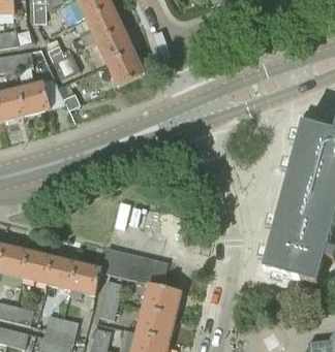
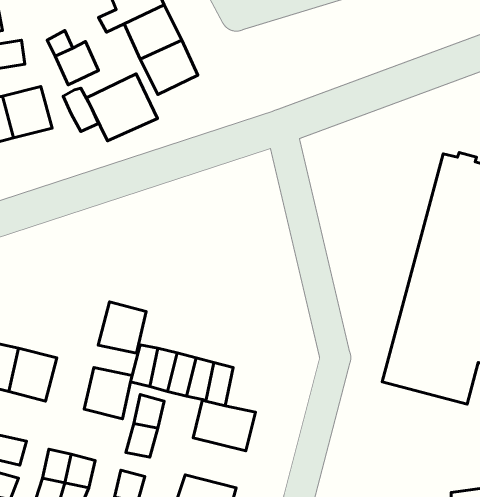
building: none -> [87,74,157,141]
building: [45,255,77,288] -> [98,302,146,353]
building: [135,307,175,339] -> none

